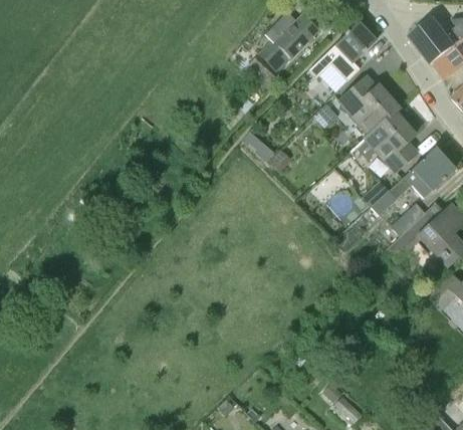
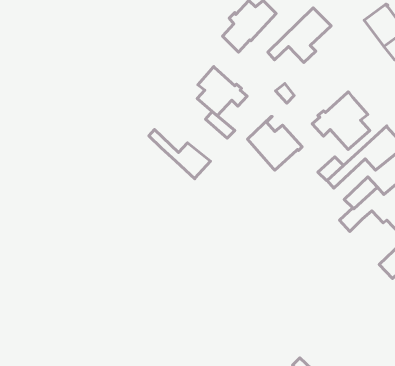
building: [341,77,400,135] -> [248,117,302,170]
building: none -> [197,67,247,116]
building: none -> [149,129,210,179]

